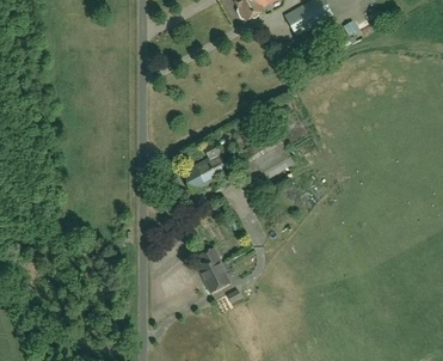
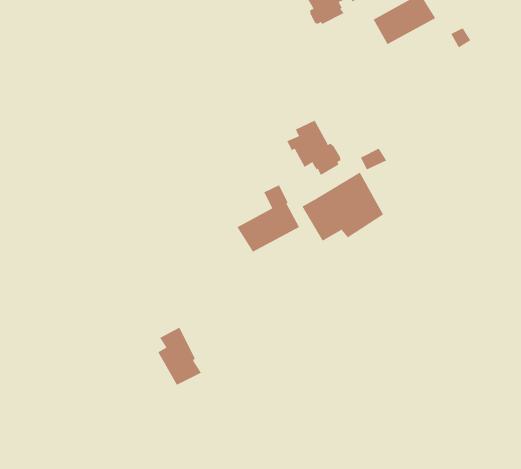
building: none -> [286,120,341,176]
building: [197,246,230,290] -> [158,327,202,385]

